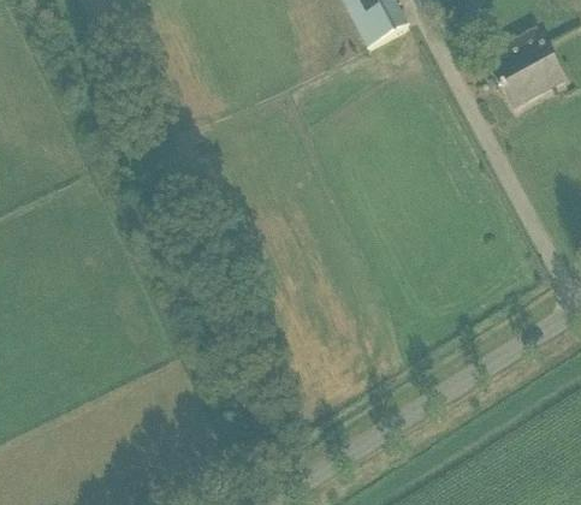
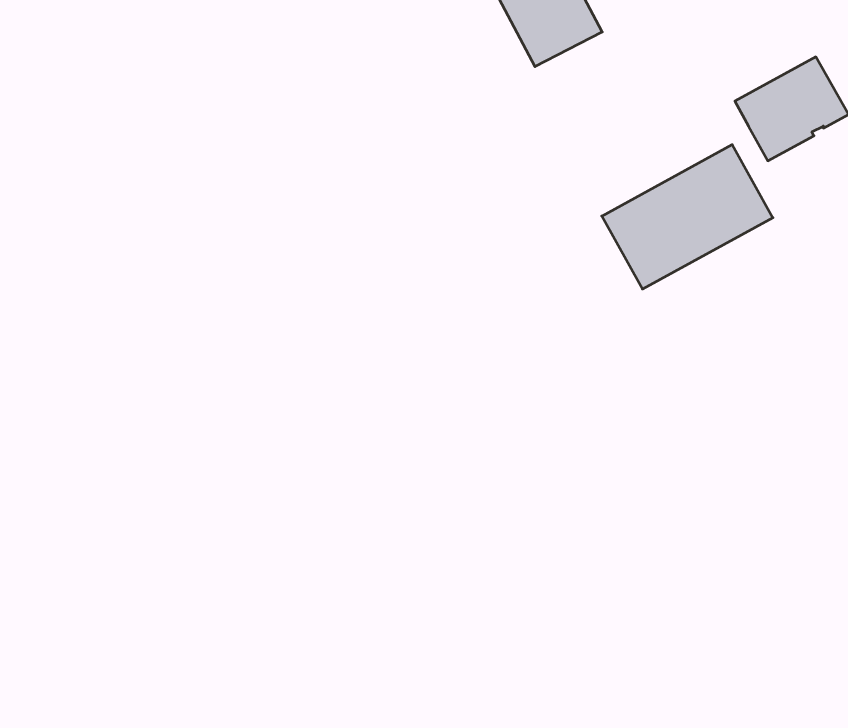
building: none -> [602,145,773,289]

